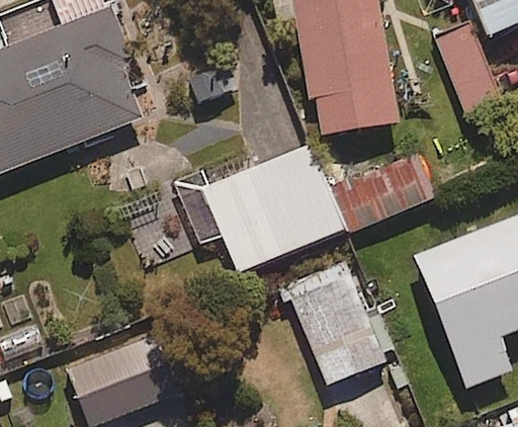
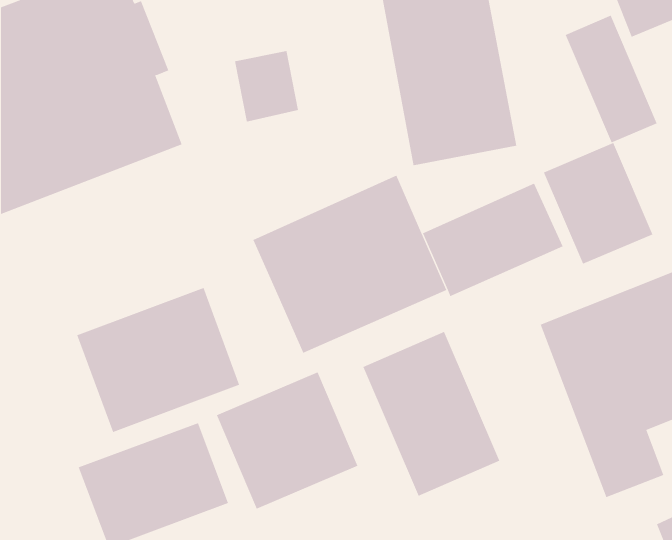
building: none -> [543,142,653,265]
building: none -> [77,287,240,433]
building: none -> [216,371,358,510]

